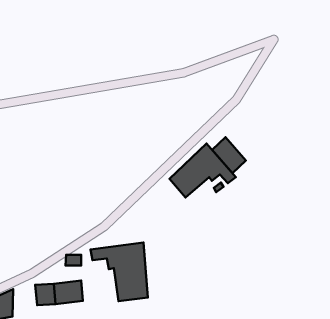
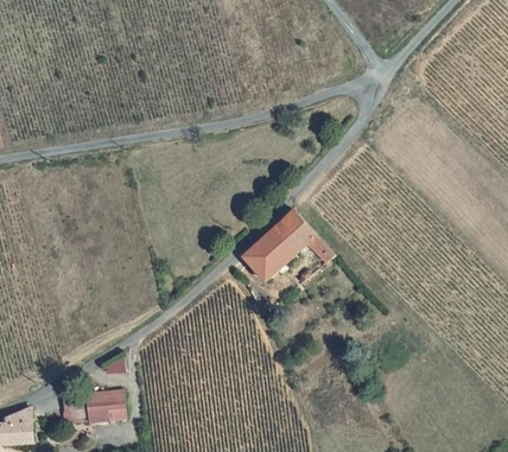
building: [212,137,246,173] -> none
building: [90,243,148,301] -> none

